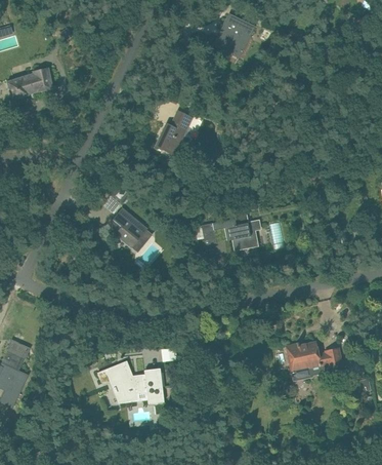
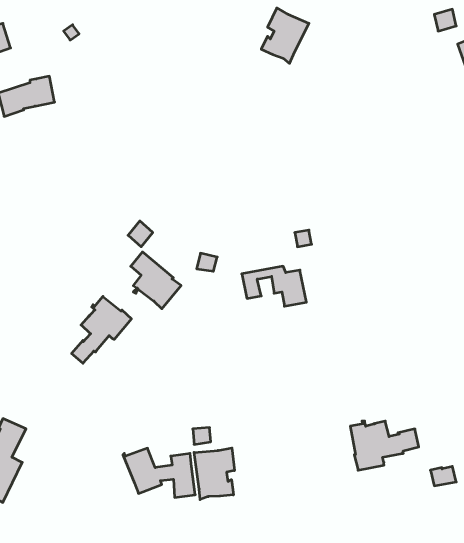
building: [156,111,192,154] -> none
building: none -> [72,296,131,363]
building: none -> [194,448,234,500]

